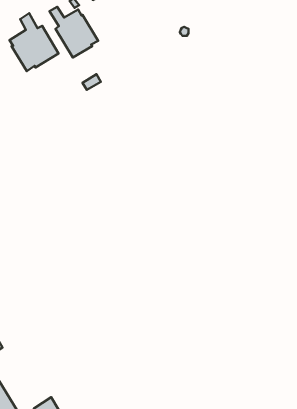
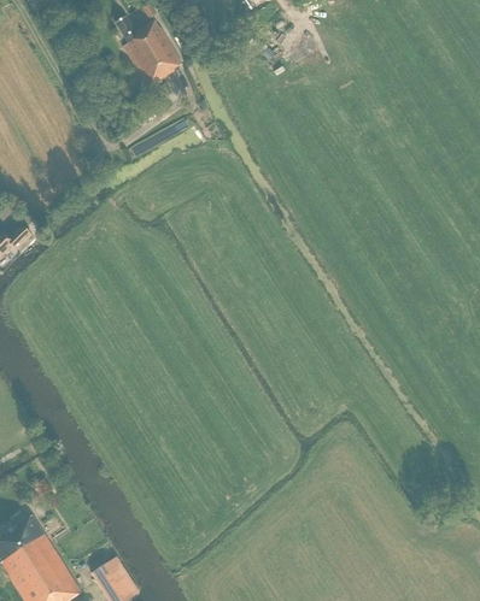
building: [9,13,59,71] -> none

